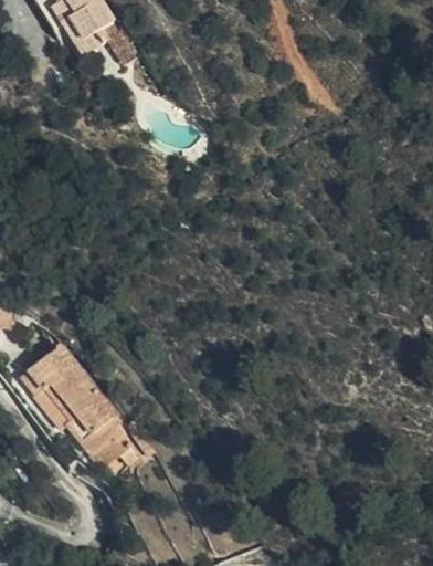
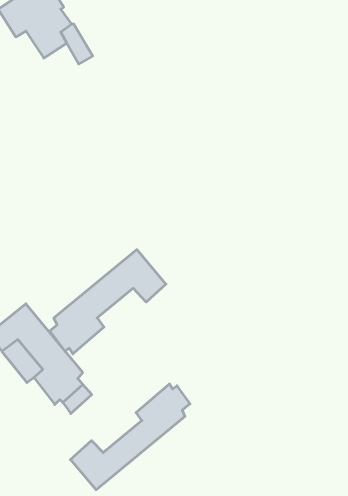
building: none -> [50,250,166,354]
building: none -> [70,384,190,490]

